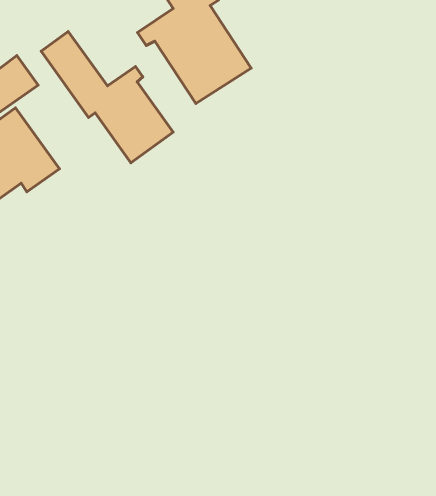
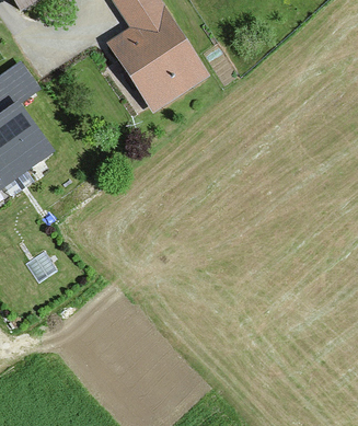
building: [41,32,173,163] -> none

